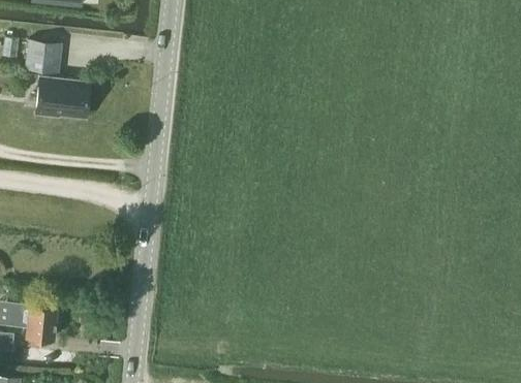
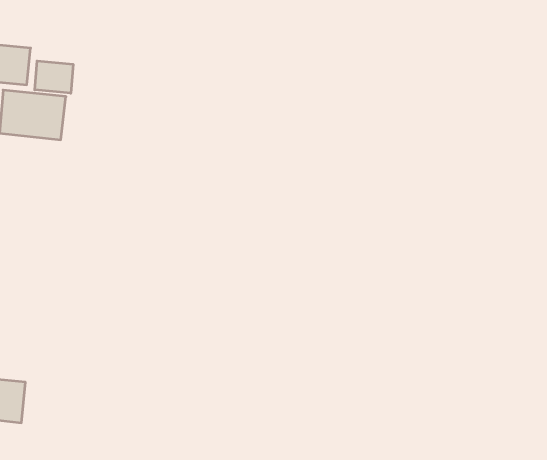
building: none -> [35,61,73,93]

